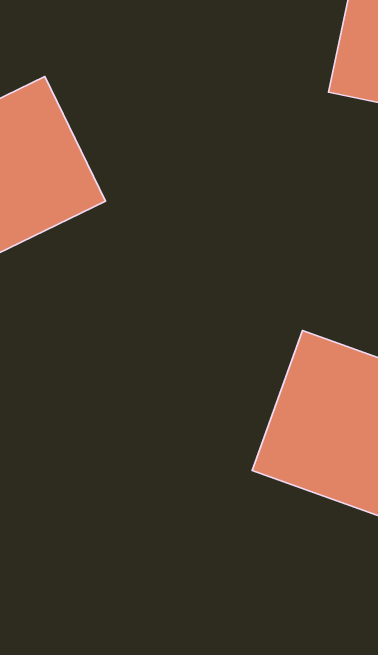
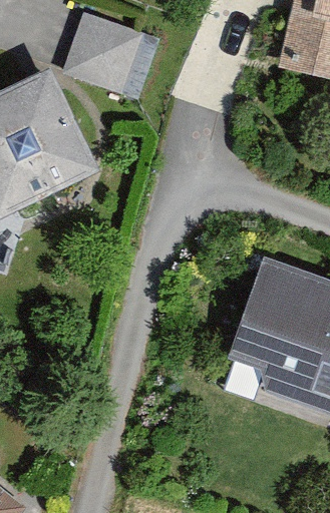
building: none -> [71,11,151,90]

